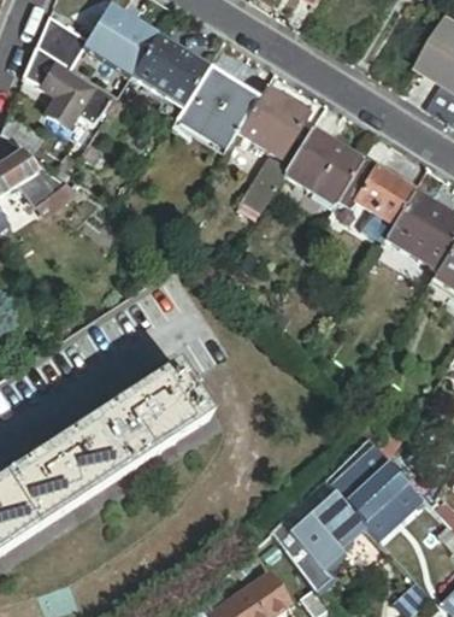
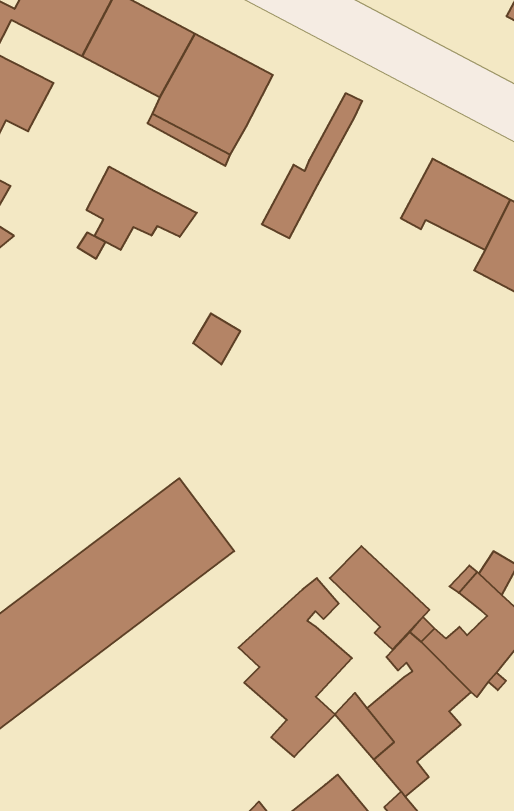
building: [238,86,307,155] -> none
building: [284,129,362,205] -> none
building: none -> [87,167,197,250]
building: none -> [330,546,429,650]
building: none -> [238,578,352,757]

